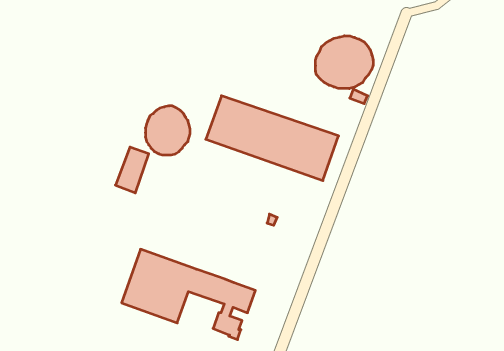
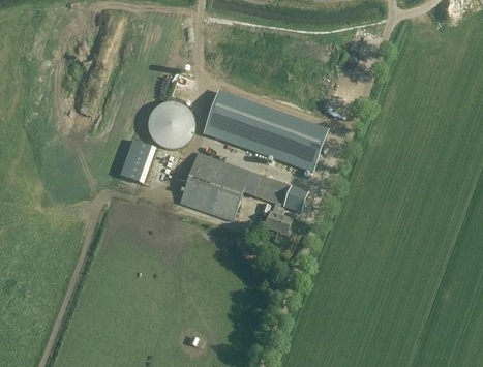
building: [315,36,373,89] -> none
building: [122,249,255,340] -> [180,152,304,236]

